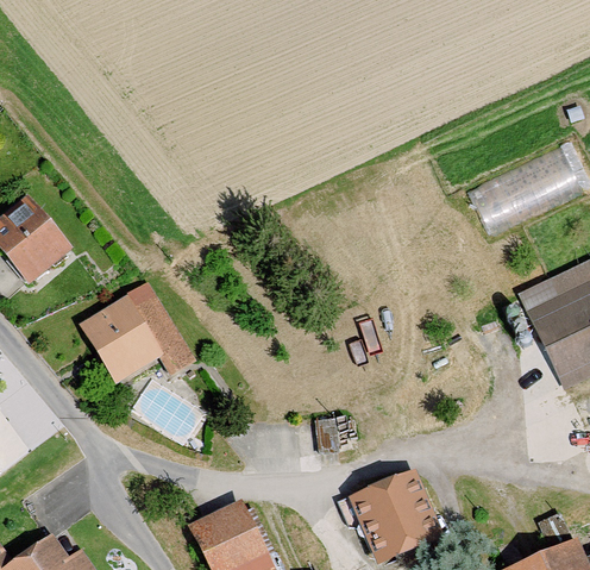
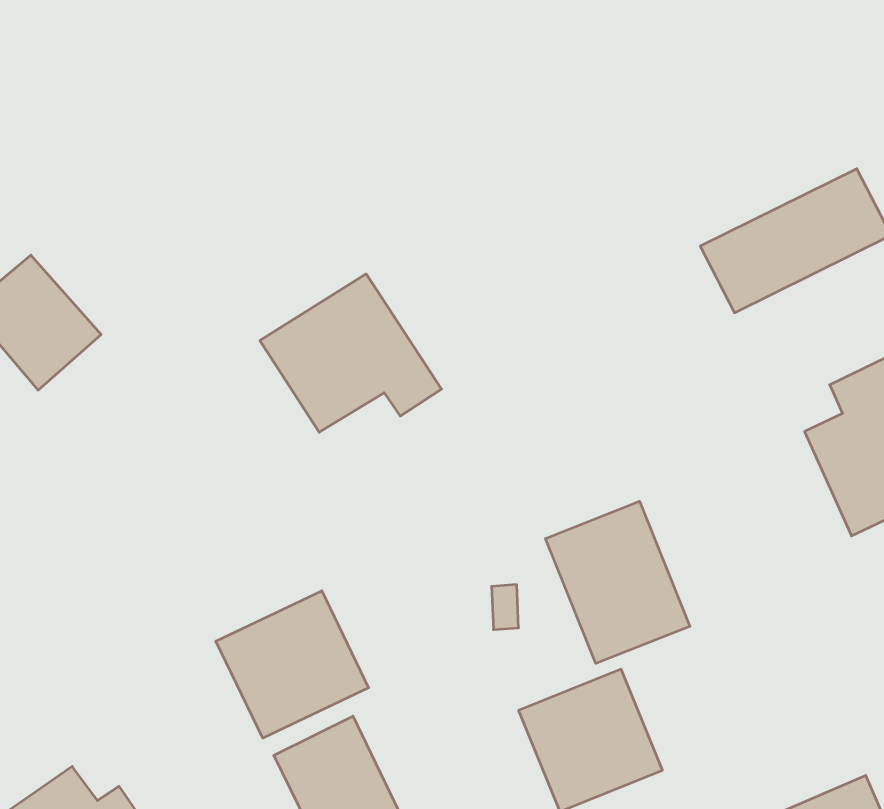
building: [77,281,197,386] -> [260,274,442,432]
building: none -> [546,501,690,663]
building: none -> [216,591,369,738]

